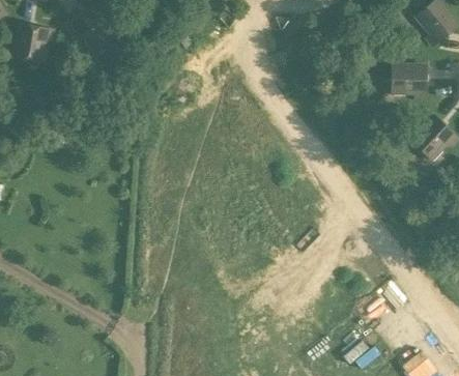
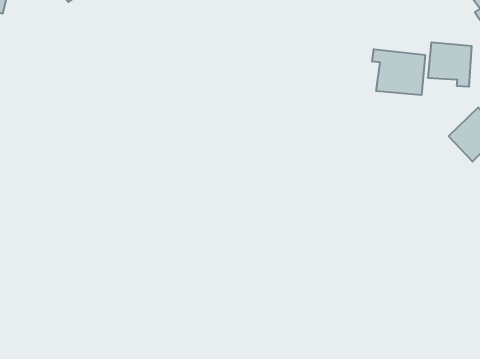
building: none -> [372,49,425,95]

